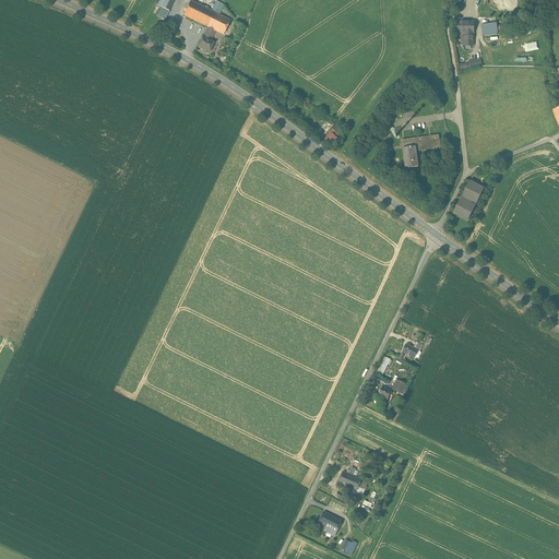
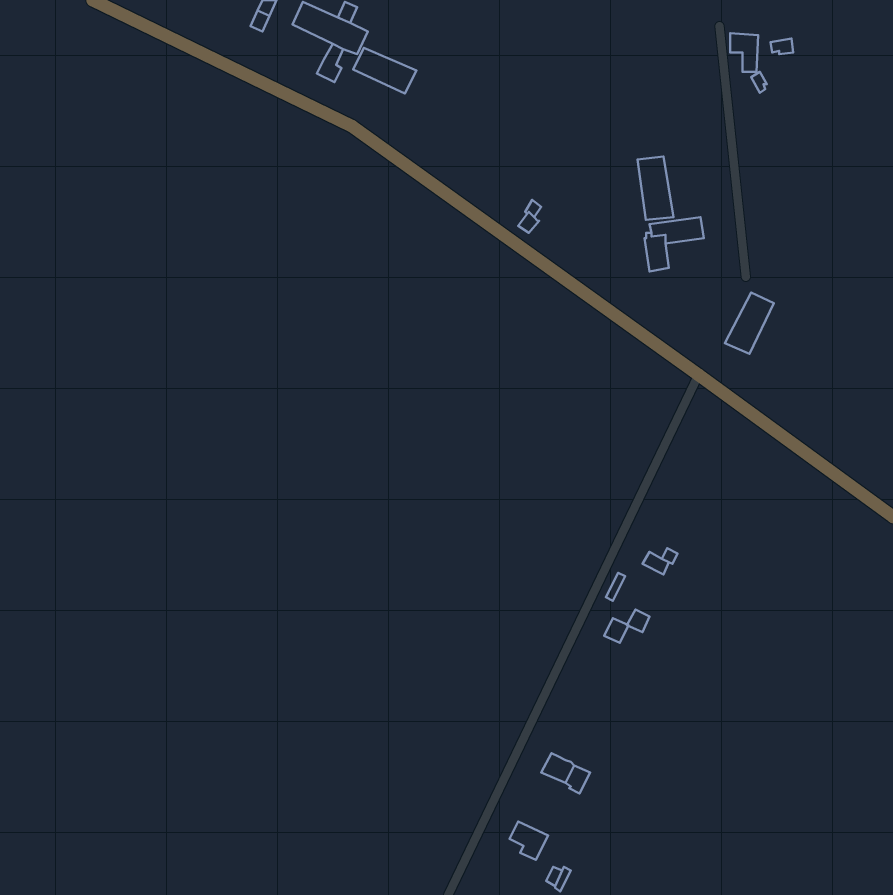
building: none -> [353,48,417,93]
building: none -> [637,157,673,220]

